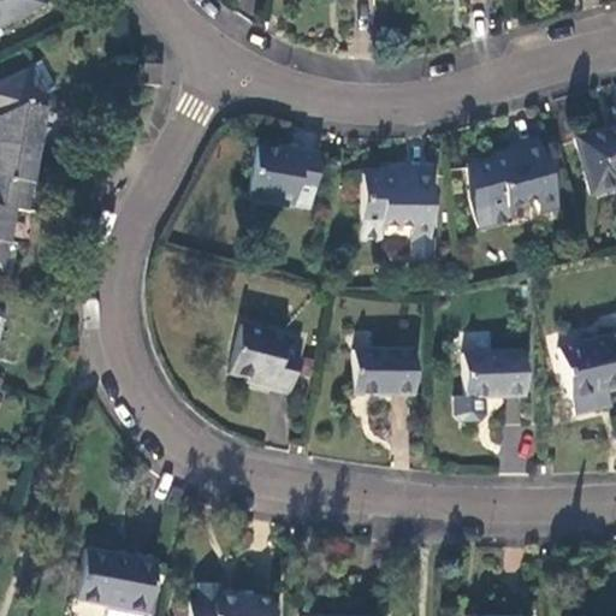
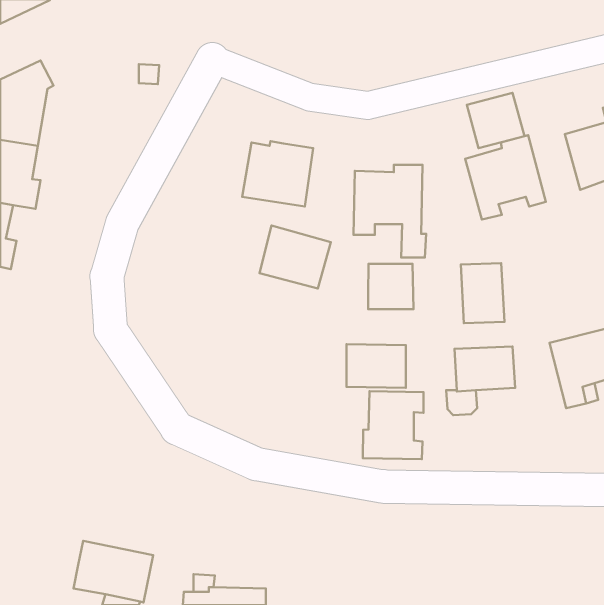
building: none -> [467,93,525,148]
building: none -> [461,263,504,323]
building: none -> [368,264,413,309]
building: [230,324,302,387] -> [260,226,331,289]
building: none -> [363,391,424,459]

